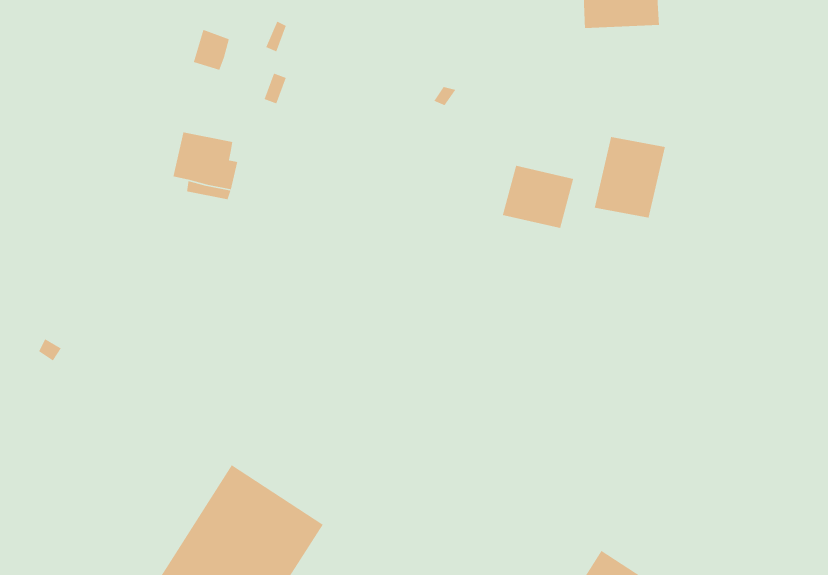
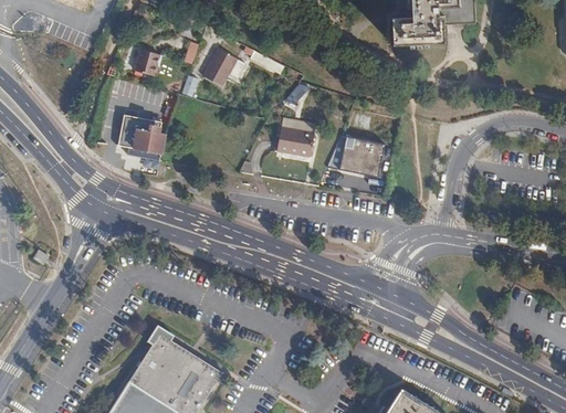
building: none -> [202,49,235,84]
building: [594,136,666,219] -> none
building: none -> [274,127,311,157]

